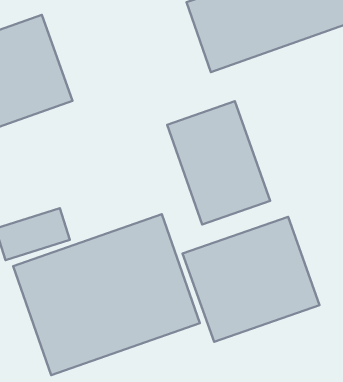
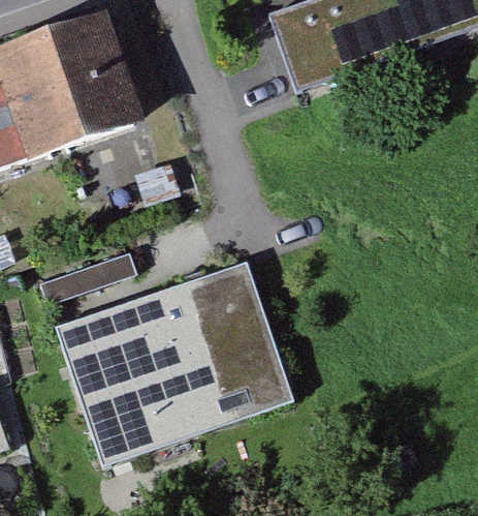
building: [167,101,270,225] -> none
building: [183,217,319,342] -> none

